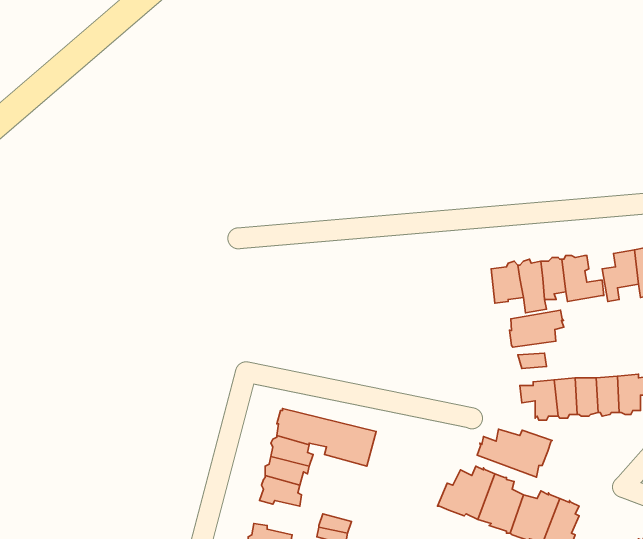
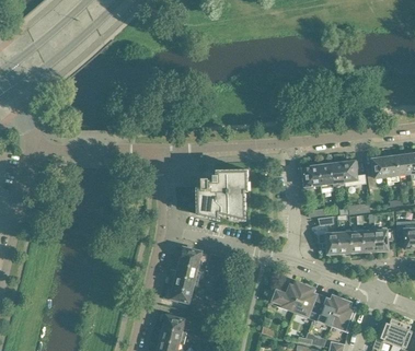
building: none -> [196,168,246,219]
building: [510,310,564,347] -> none
building: [477,429,552,477] -> none

